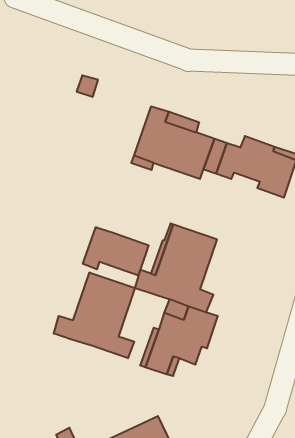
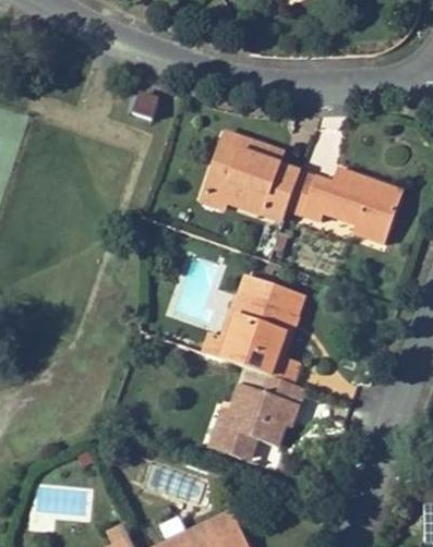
building: [83,227,149,276] -> none
building: [54,272,135,358] -> none

